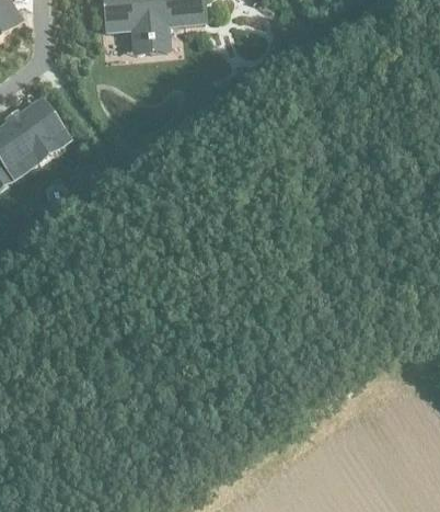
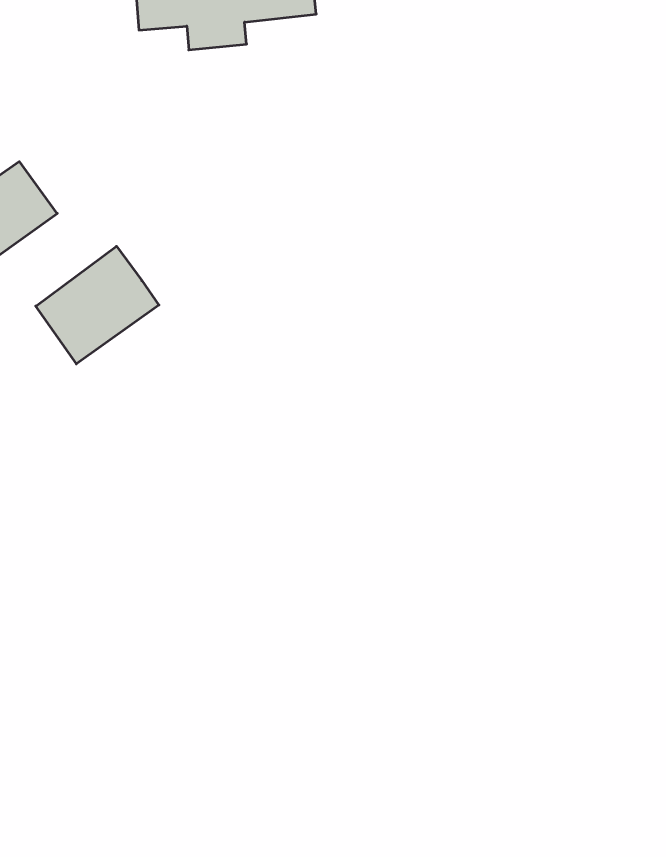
building: none -> [36,246,159,364]

